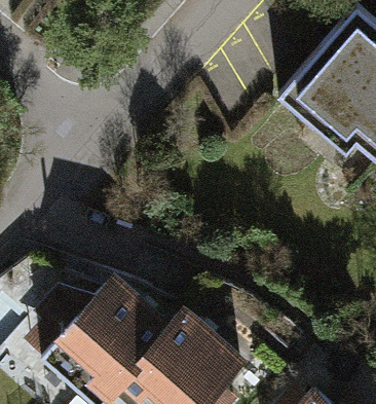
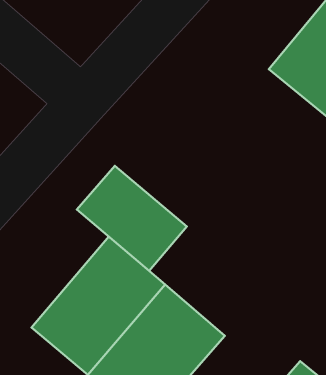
building: none -> [77,166,187,271]

